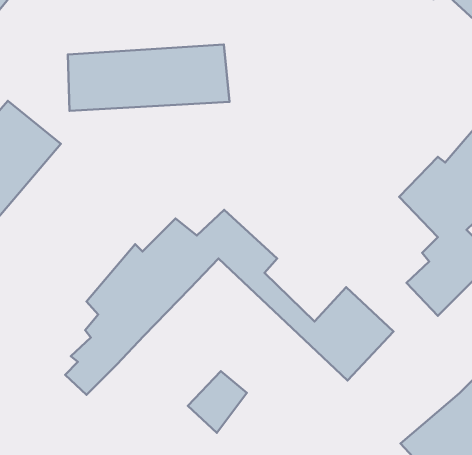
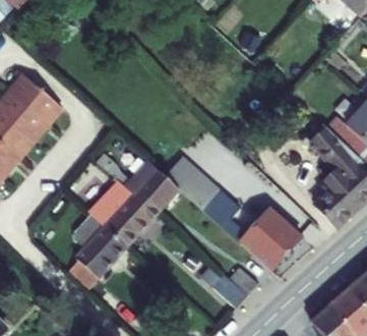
building: [68,44,229,111] -> none
building: [188,371,247,433] -> [215,267,256,311]

